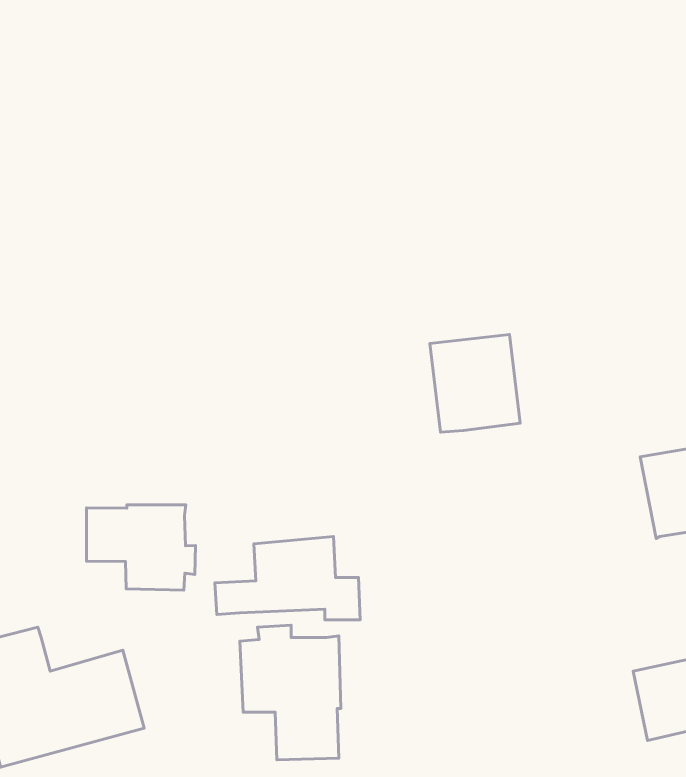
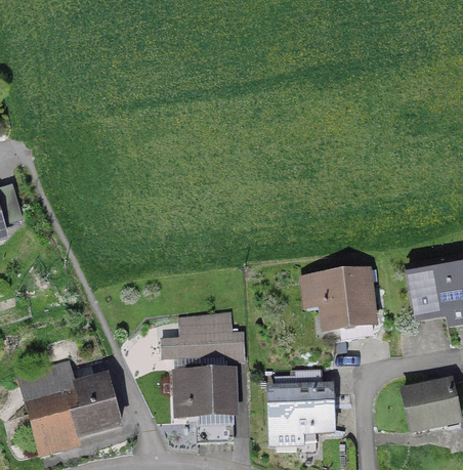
building: [430,335,520,432] -> [319,271,371,328]
building: [86,505,195,590] -> none
building: none -> [271,378,328,442]

